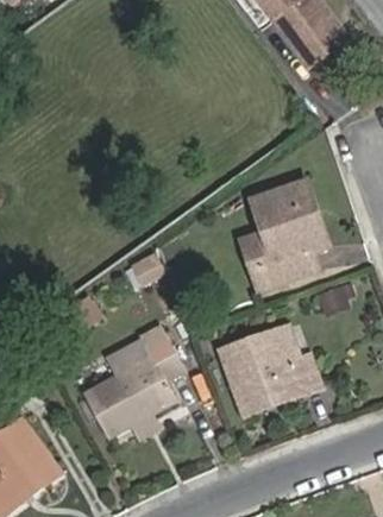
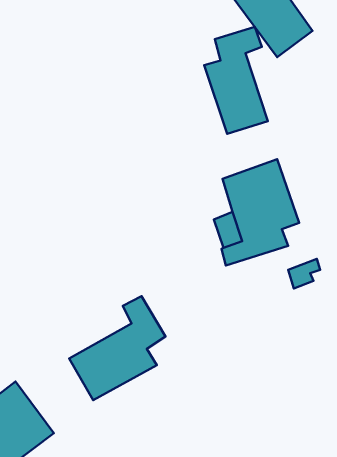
building: none -> [204,27,268,134]
building: [215,323,324,417] -> none

